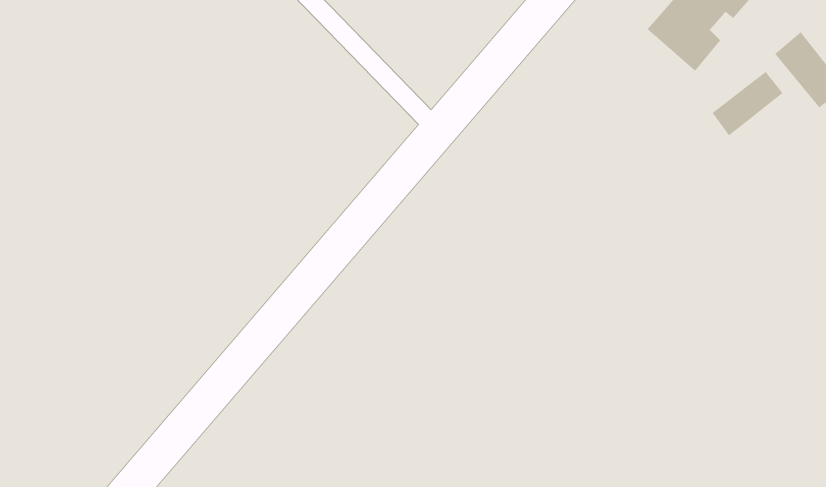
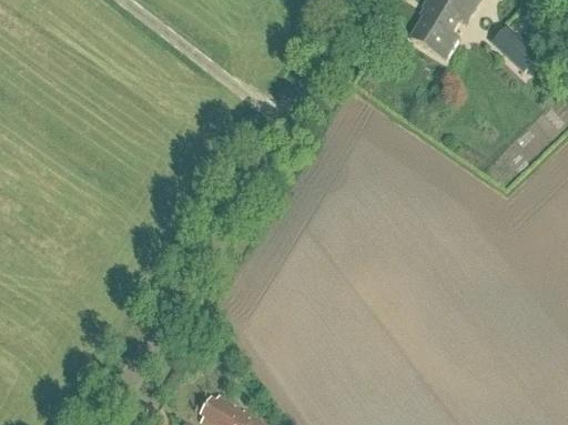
building: [711,71,783,137] -> none

